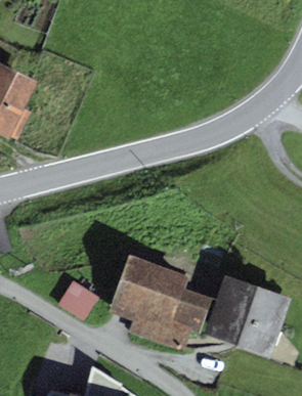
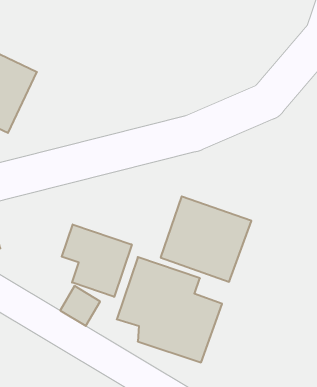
building: none -> [62,224,132,297]
building: [206,277,290,356] -> [161,196,251,282]

